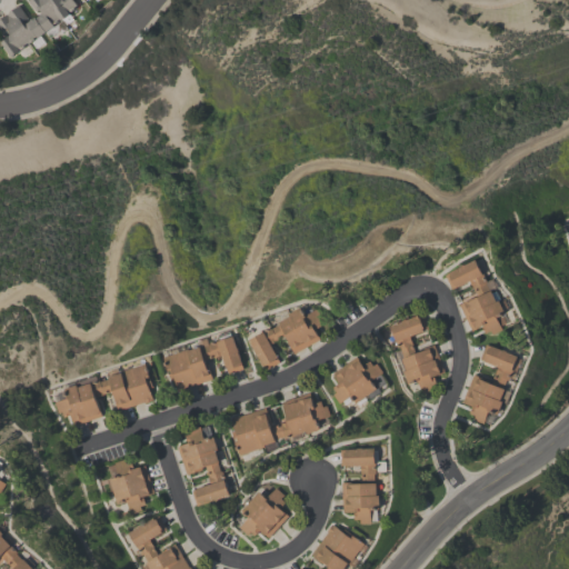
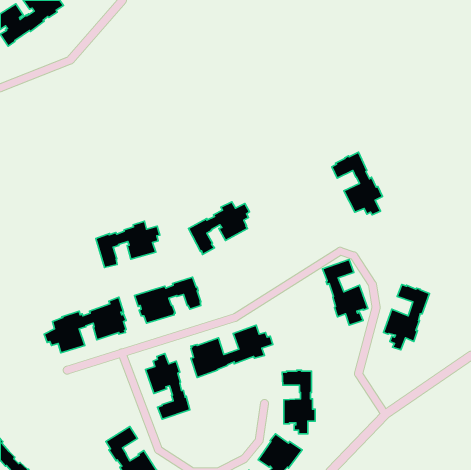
building: [443,259,505,335] -> [332,152,382,215]
building: none -> [96,221,160,268]
building: [248,308,321,371] -> [189,202,249,254]
building: [331,358,381,406] -> none
building: [109,458,153,515] -> none
building: [239,488,288,538] -> none

